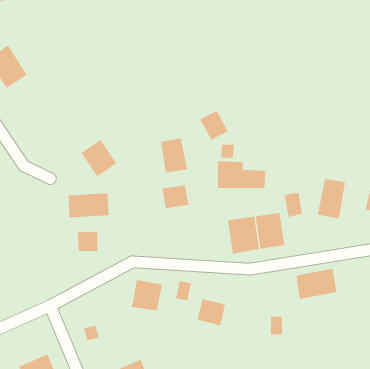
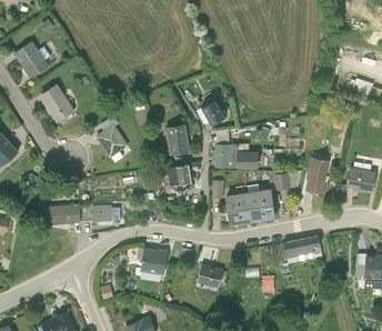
building: none -> [39,83,76,122]
building: [68,193,109,218] -> [43,202,80,224]

